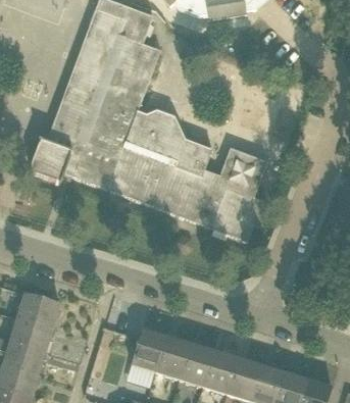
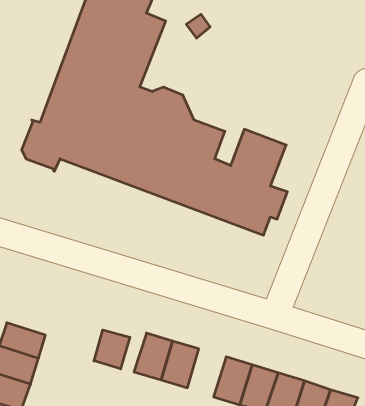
building: [17,293,60,332] -> none
building: none -> [94,330,130,369]
building: [180,344,214,387] -> none

